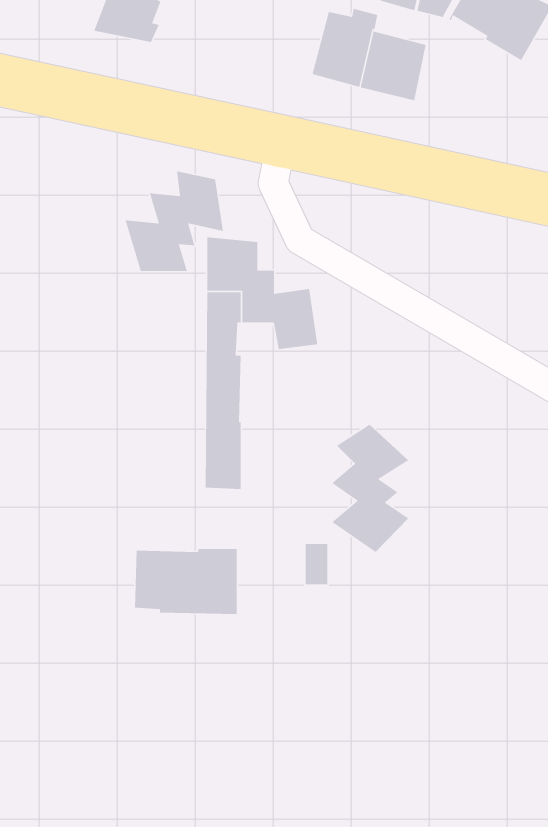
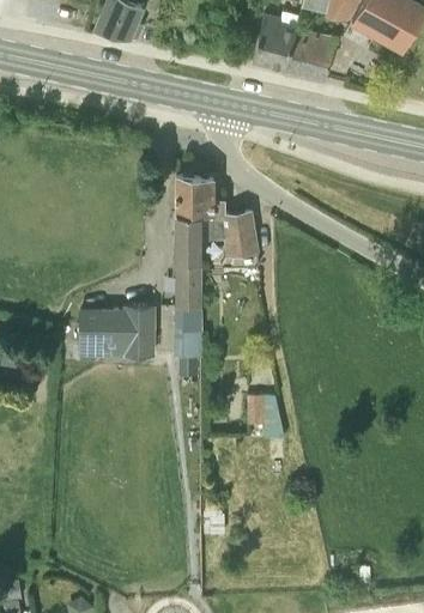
building: [125,170,224,272] -> none
building: [331,424,409,553] -> none
building: [134,548,237,615] -> [79,308,153,356]

